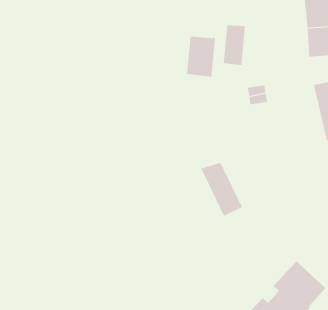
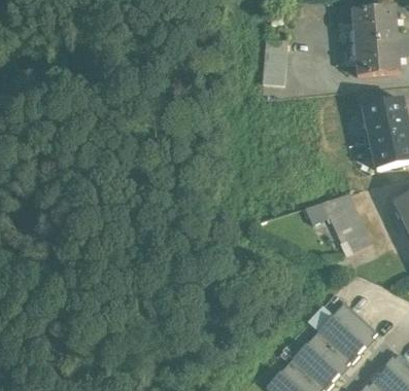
building: [186,36,215,77] -> none
building: [201,162,243,216] -> [322,193,370,254]

